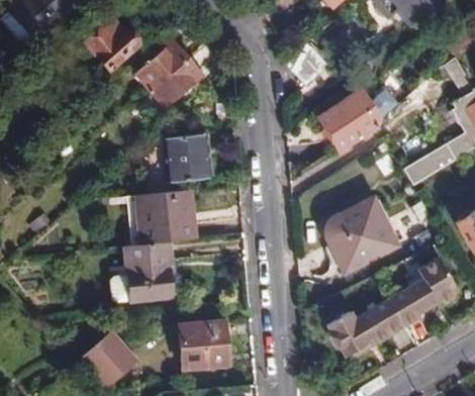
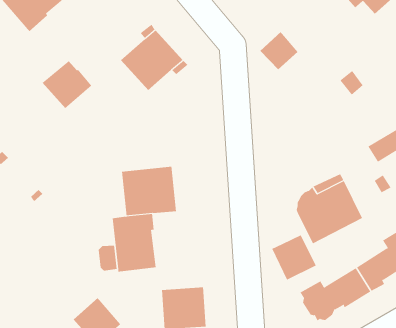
building: [83,17,137,70] -> [42,60,92,109]
building: [318,89,382,152] -> none
building: [168,132,206,181] -> none
building: none -> [272,235,316,280]

